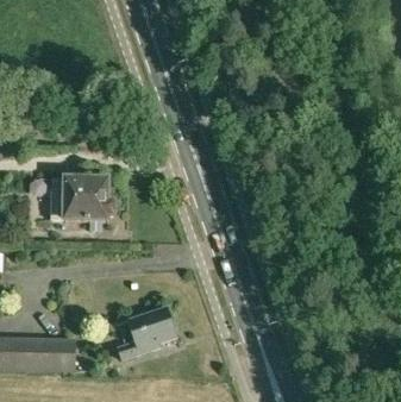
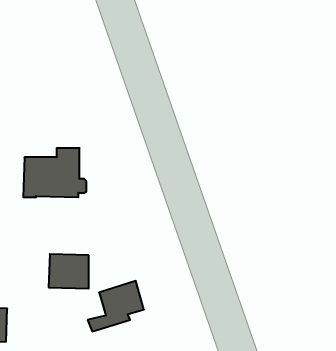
building: [32,337,74,372] -> [49,254,89,289]

